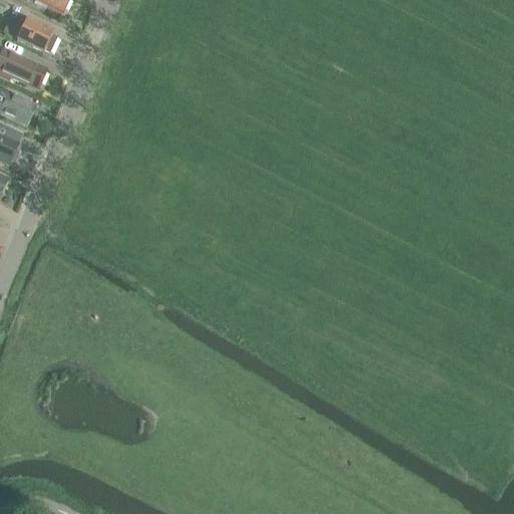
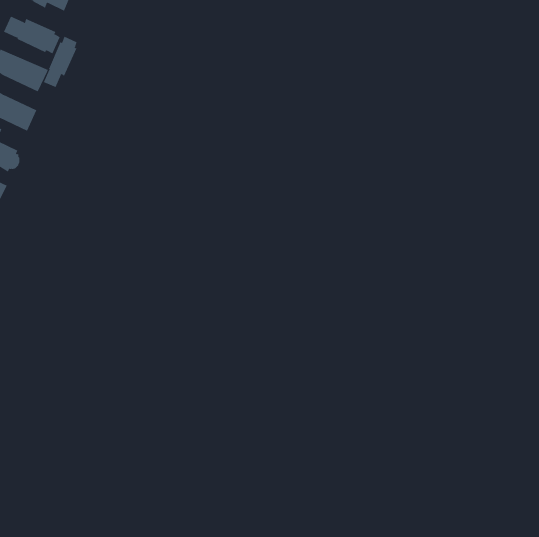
building: none -> [43,36,77,88]

